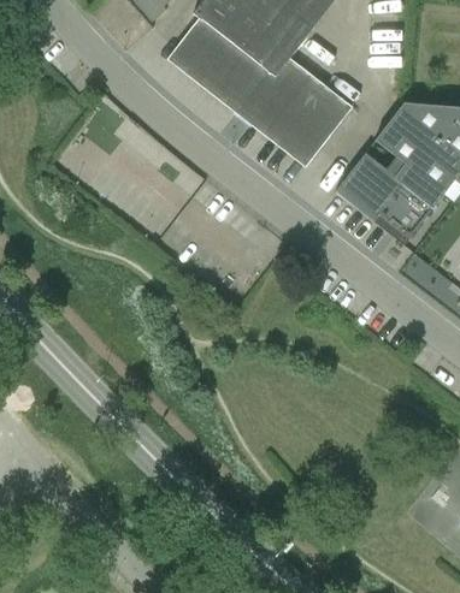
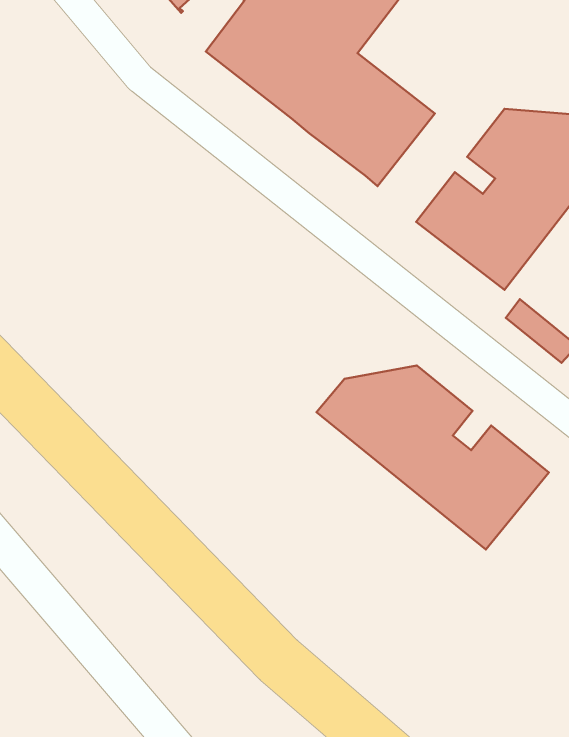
building: none -> [317,366,549,550]

